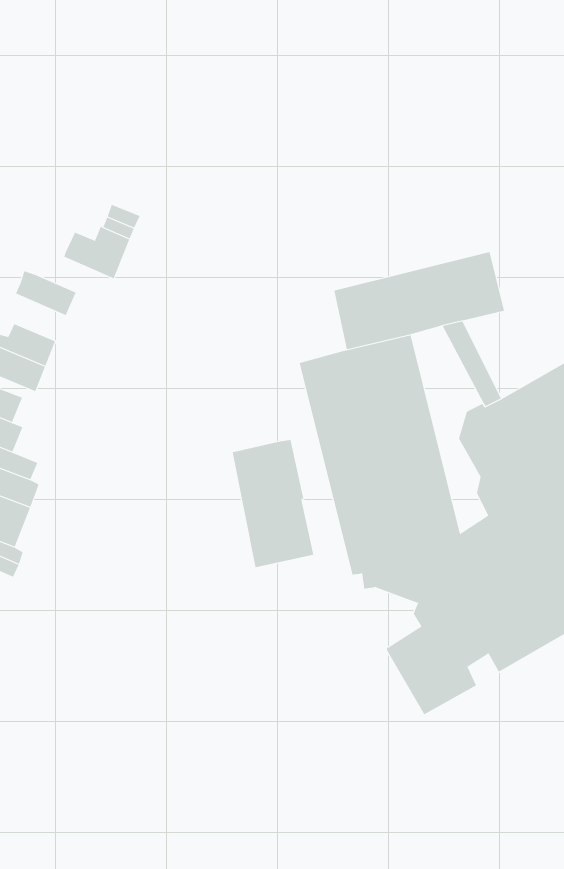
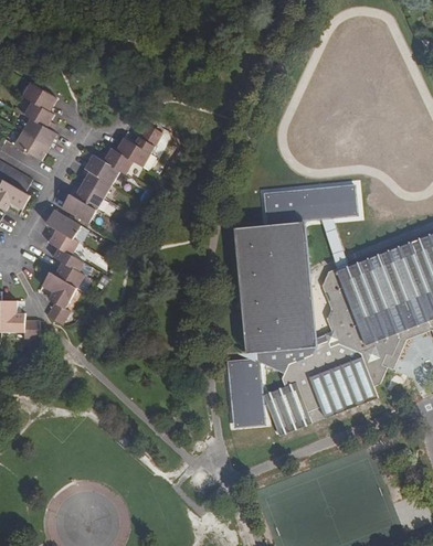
building: none -> [98,147,133,174]
building: none -> [81,167,112,196]
building: [232,439,314,568] -> [228,360,265,428]

